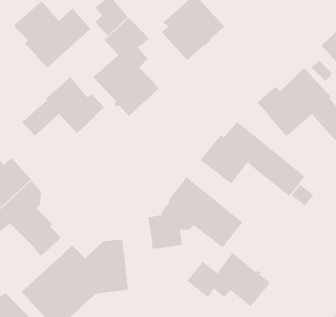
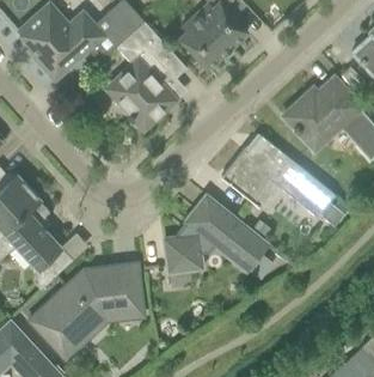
building: [21,76,105,137] -> none
building: [187,252,271,307] -> none

